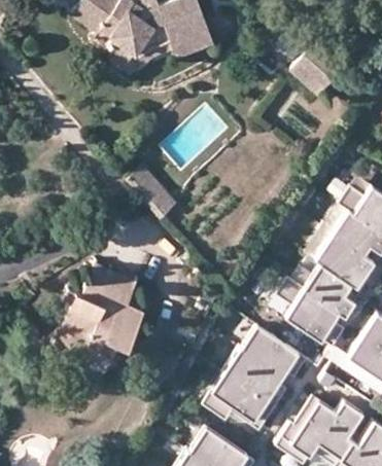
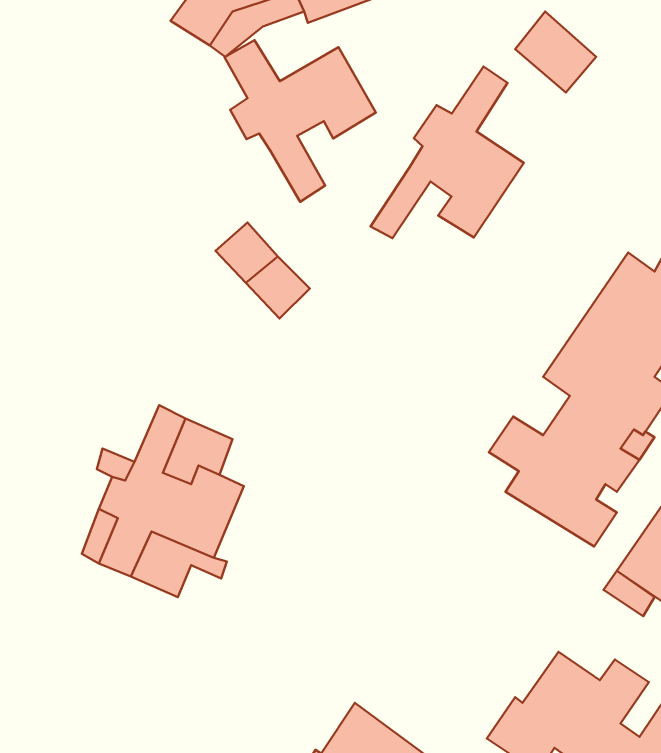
building: none -> [224,40,376,202]
building: none -> [371,67,524,238]
building: [205,327,309,431] -> none

